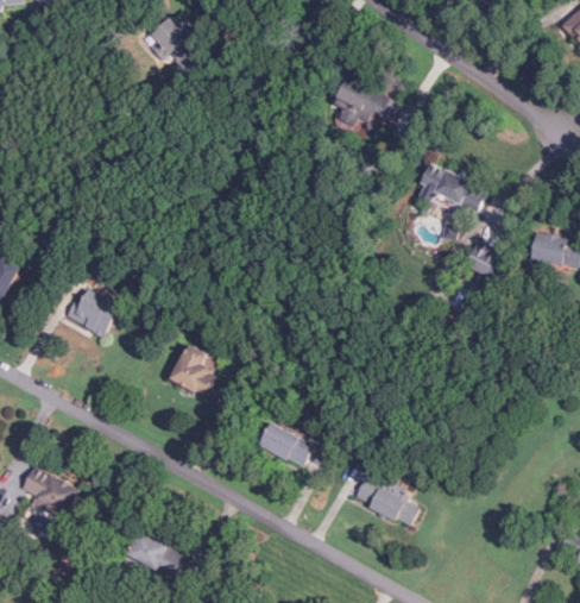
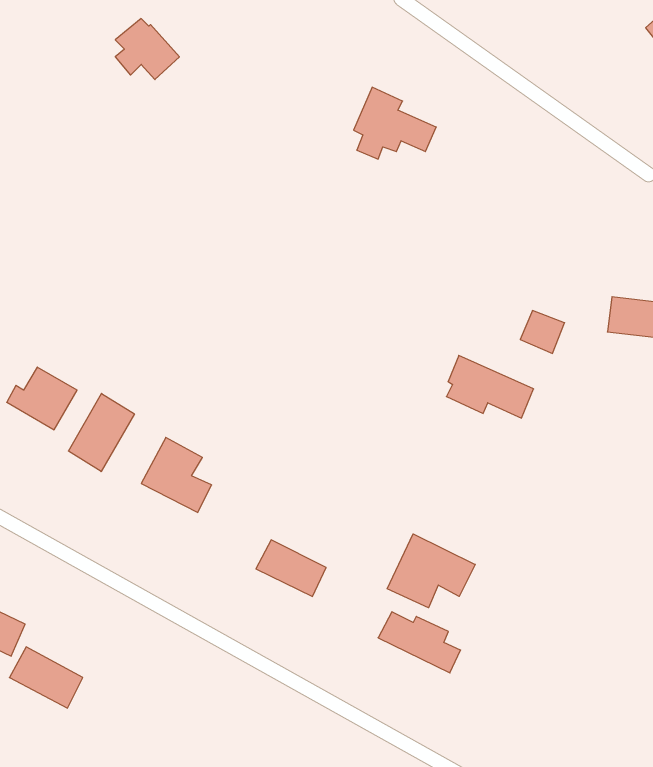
building: [418,163,486,212] -> [446,355,534,418]
building: none -> [68,393,134,472]
building: none -> [387,534,475,608]
building: [127,530,184,578] -> [9,647,83,708]

